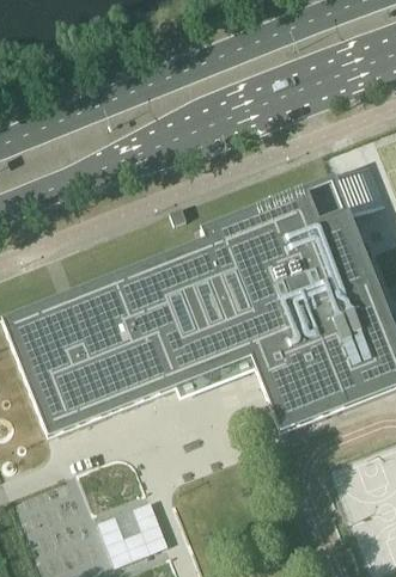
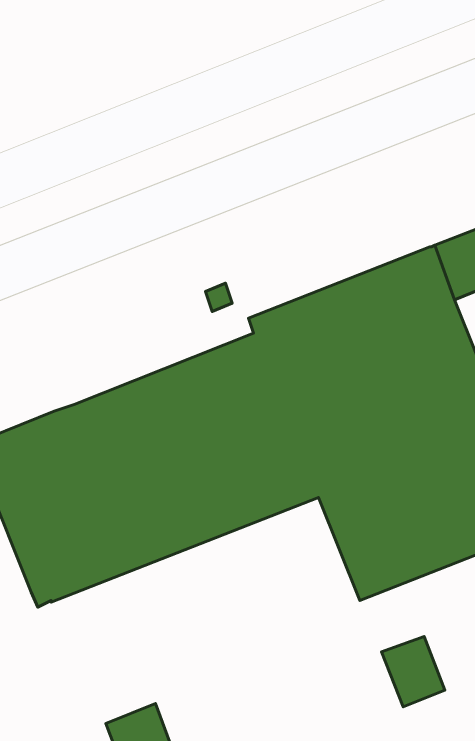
building: none -> [382,637,445,707]

